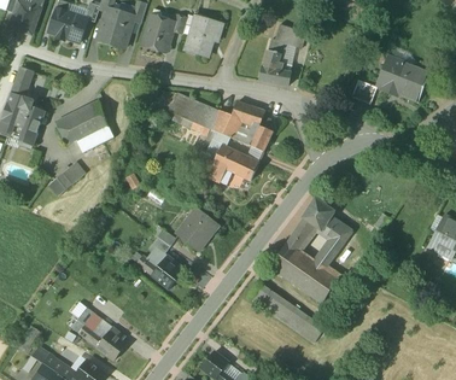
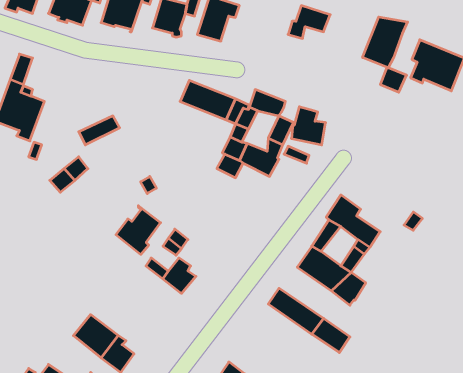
building: none -> [363,17,408,68]
building: [259,49,291,84] -> [291,107,326,145]
building: [55,103,106,144] -> none
building: [175,206,216,251] -> [116,206,161,254]

